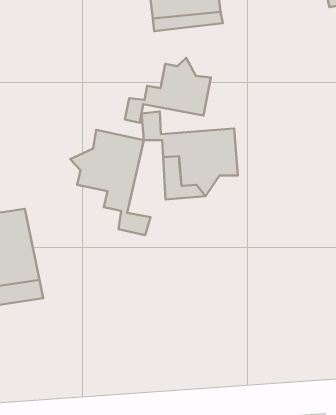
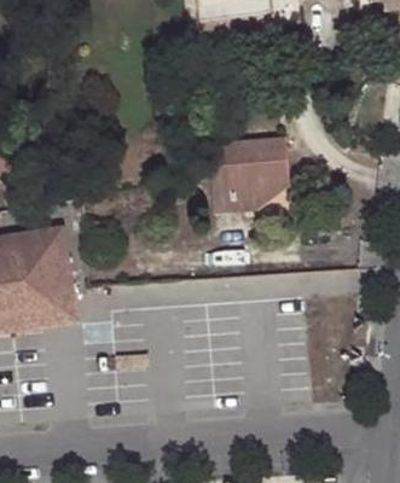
building: [125,58,211,123] -> none
building: [70,130,150,235] -> none

